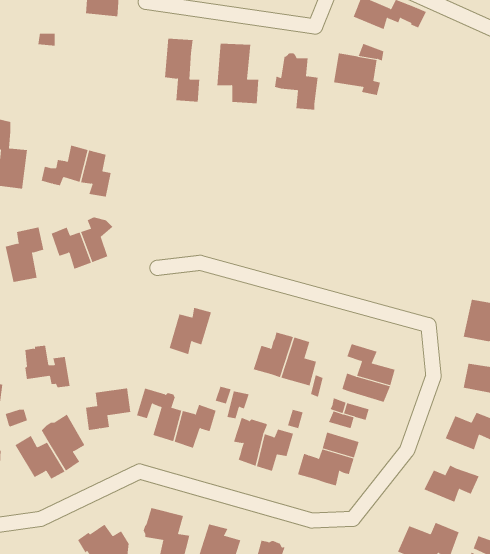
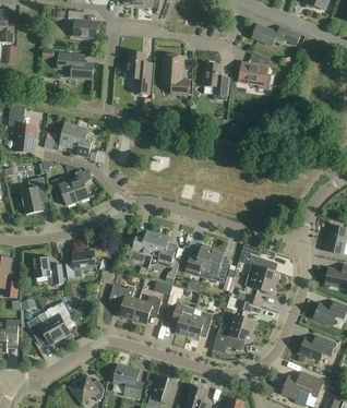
building: none -> [57,53,94,80]
building: none -> [149,233,175,266]
building: [85,388,131,430] -> [65,250,96,278]

